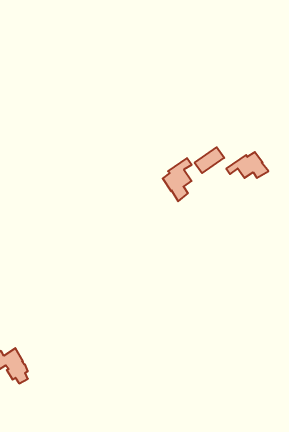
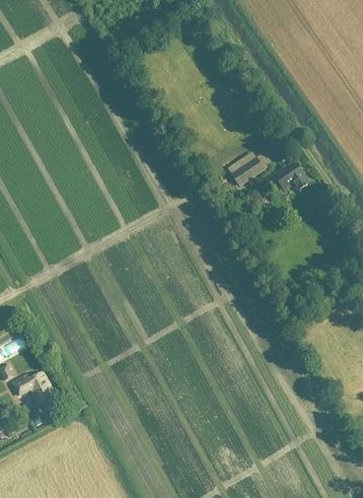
building: [163,158,192,201] -> none

